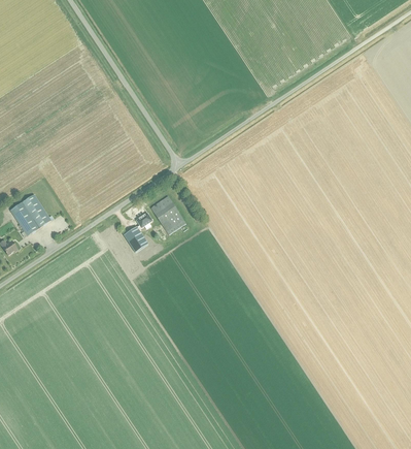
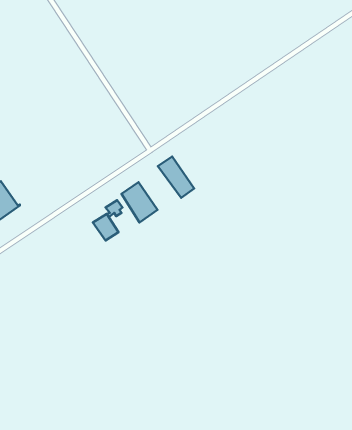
building: none -> [158,157,194,198]

